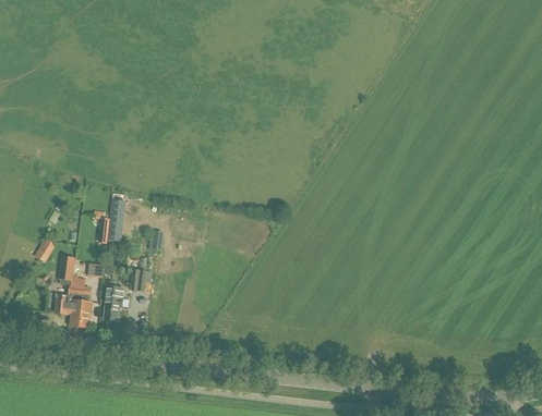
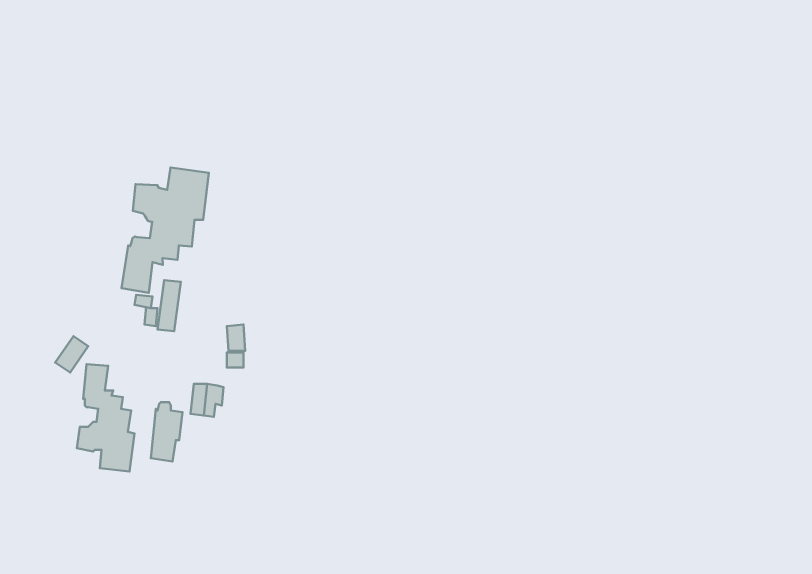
building: none -> [122,168,209,293]

